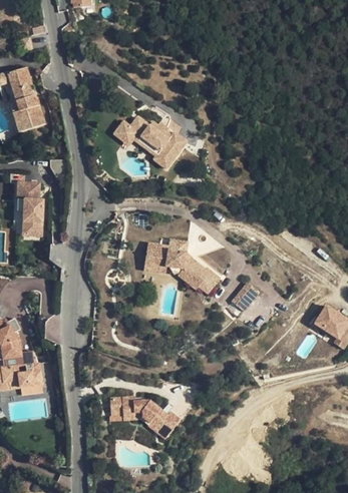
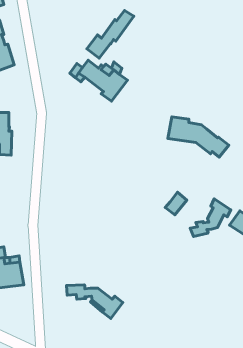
building: none -> [87,10,134,58]
building: [142,242,219,293] -> [168,117,229,157]
building: none -> [190,199,231,236]

